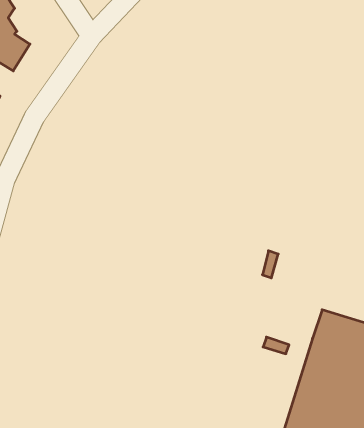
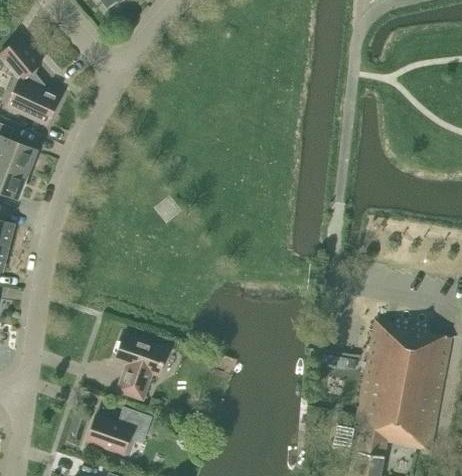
building: none -> [115,334,168,400]
building: none -> [87,408,151,454]

